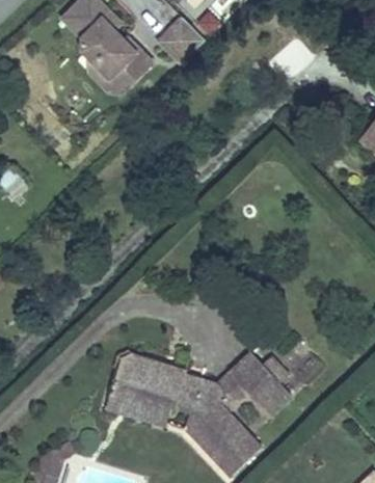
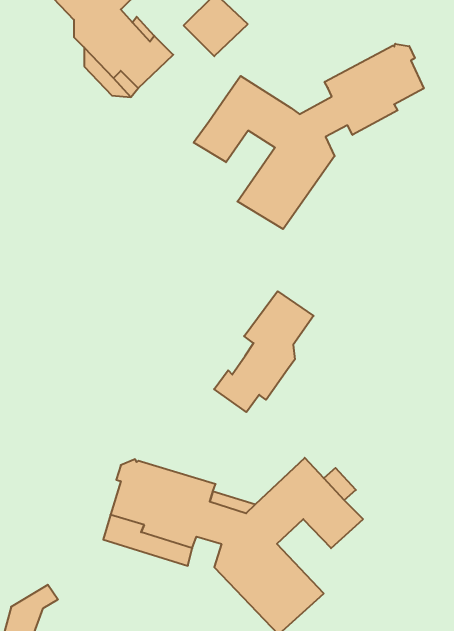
building: none -> [194,44,424,229]
building: none -> [214,291,314,412]

